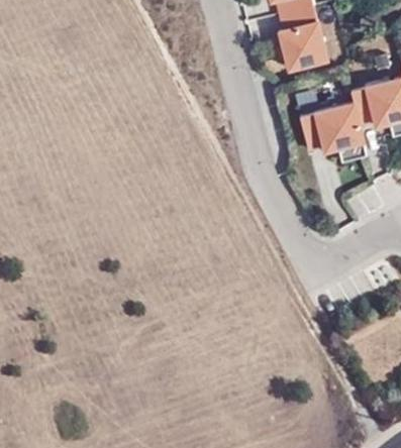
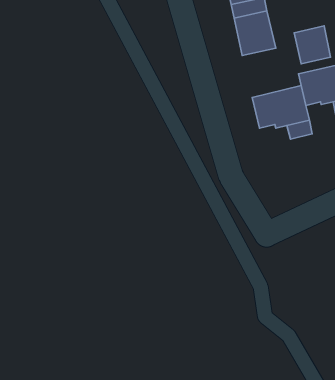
building: none -> [294,26,331,64]

